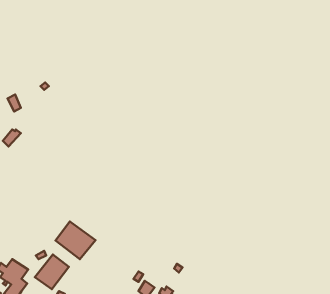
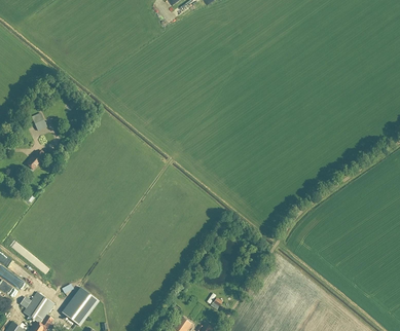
building: [55,221,95,259] -> none

